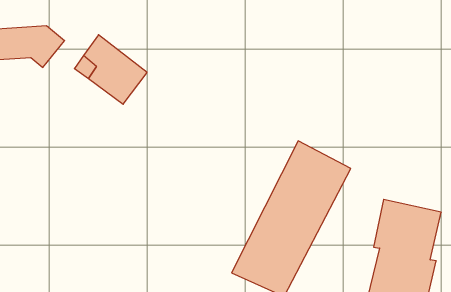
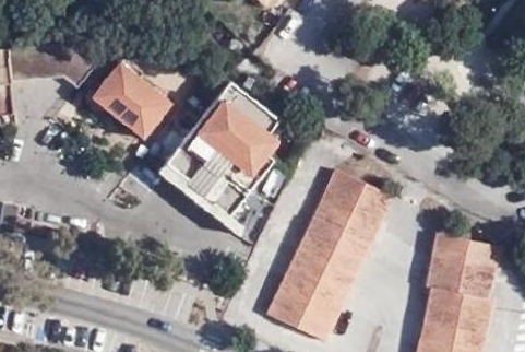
building: none -> [151,83,272,226]

